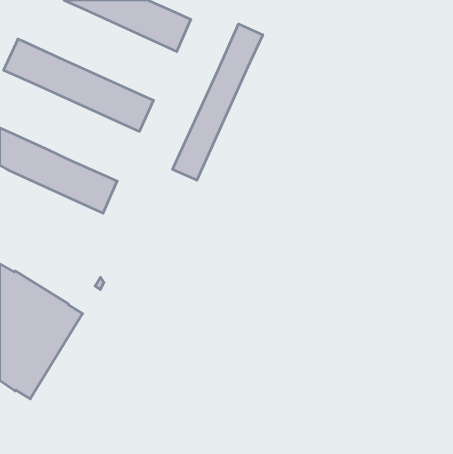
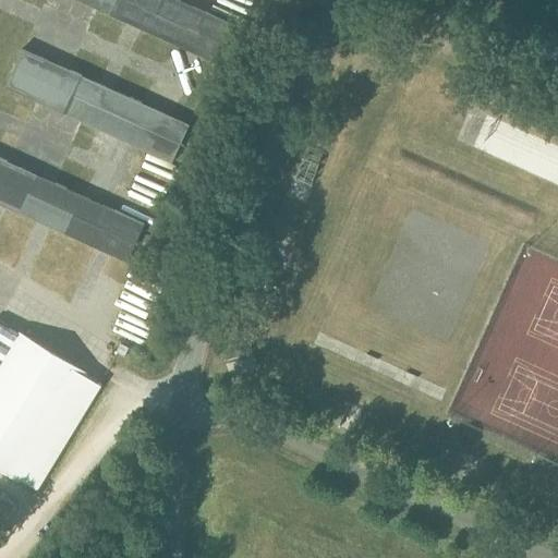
building: [173,24,263,180] -> none

